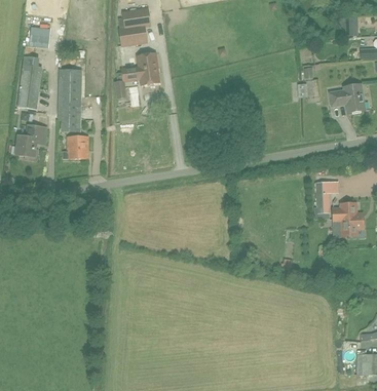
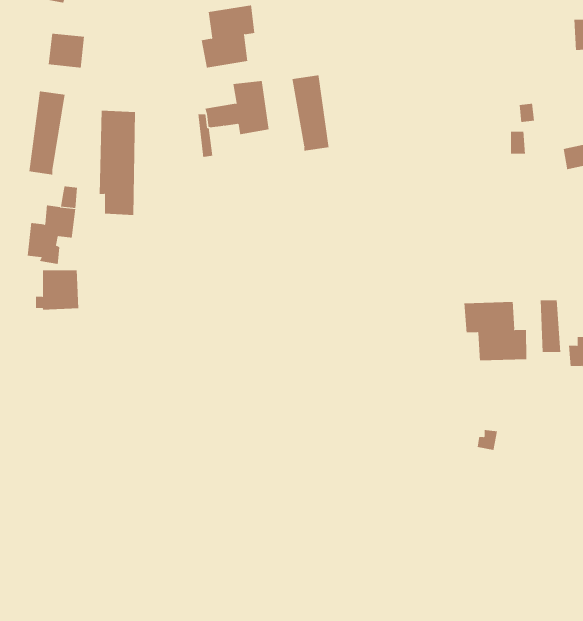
building: none -> [292,75,329,152]
building: [63,136,88,160] -> [35,270,79,310]
building: none -> [464,301,527,361]

